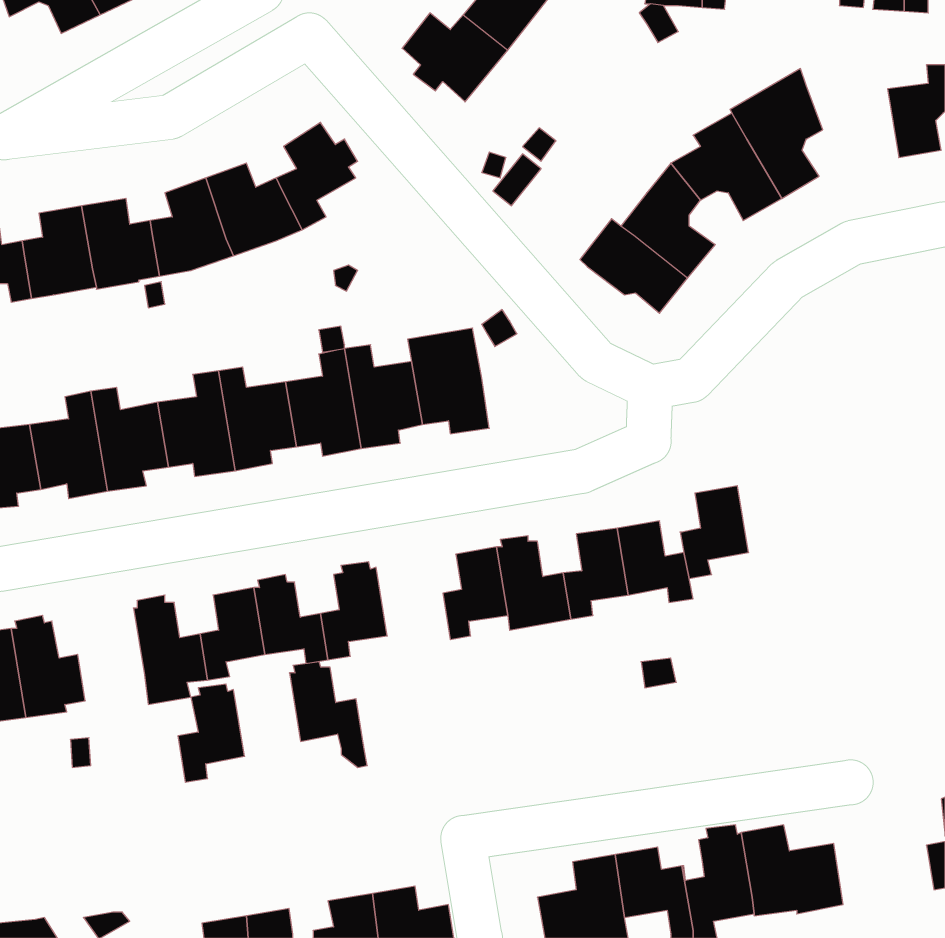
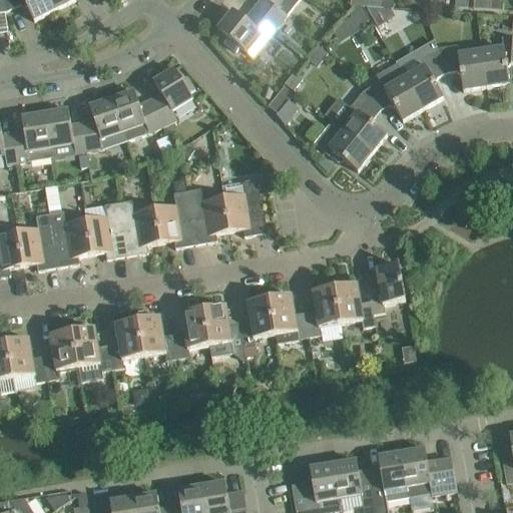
building: none -> [436,43,486,88]
building: [289,662,367,767] -> [203,301,245,358]
building: [178,684,245,782] -> [42,326,78,379]

